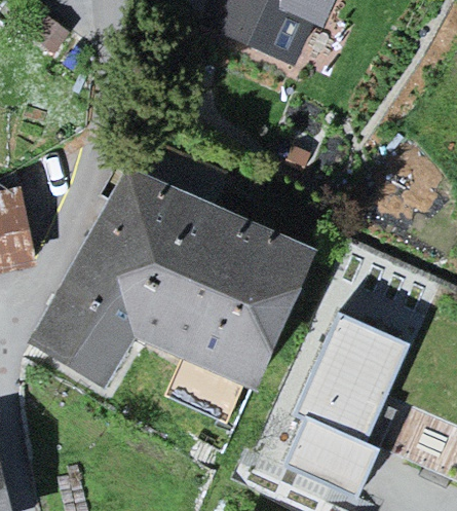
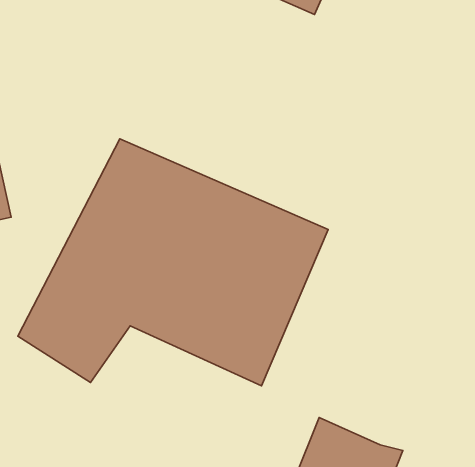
building: [295,313,406,445] -> none

